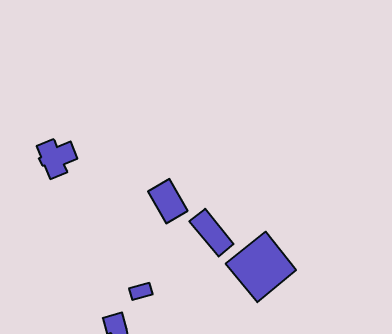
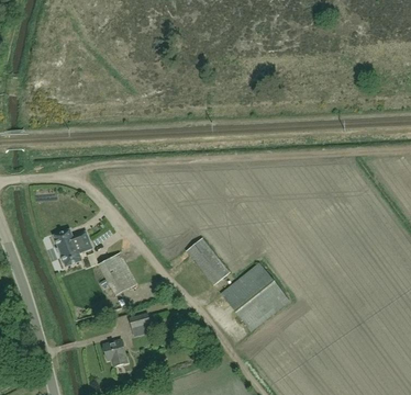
building: [37,139,77,179] -> [53,229,92,268]
building: [148,179,188,223] -> [99,253,137,296]

